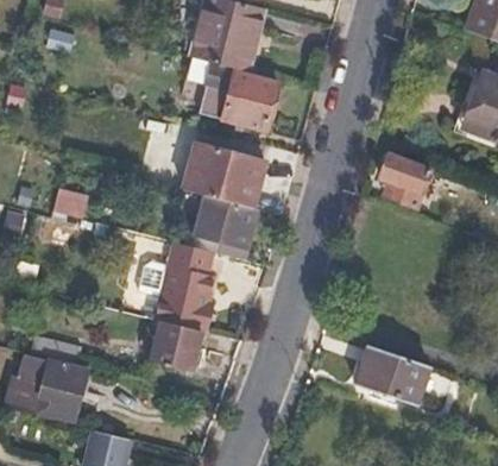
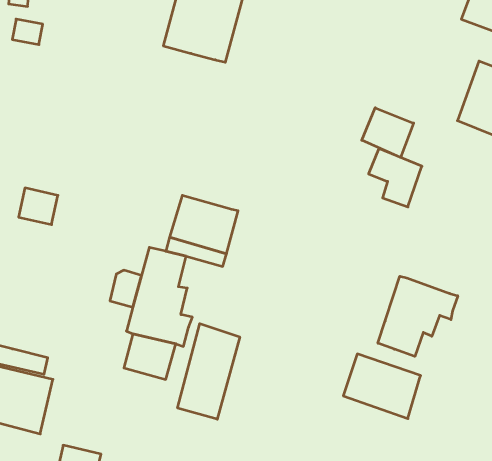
building: [200,62,279,130] -> none
building: none -> [362,108,414,157]
building: [183,144,264,208] -> none
building: none -> [378,276,458,356]
building: none -> [178,324,240,419]

